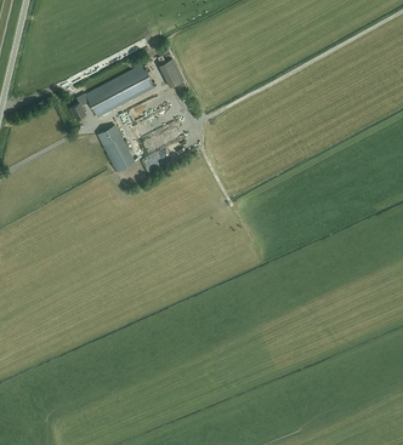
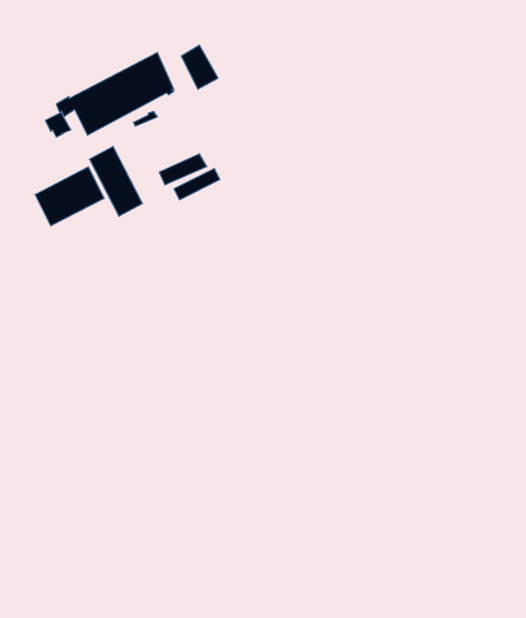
building: none -> [35,167,104,226]

